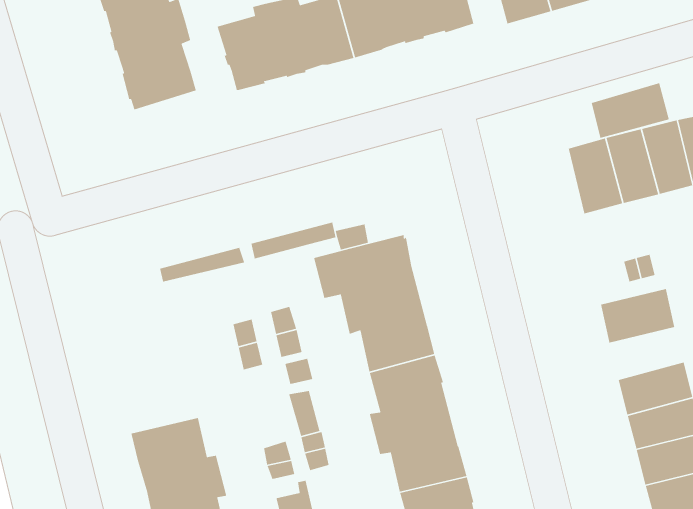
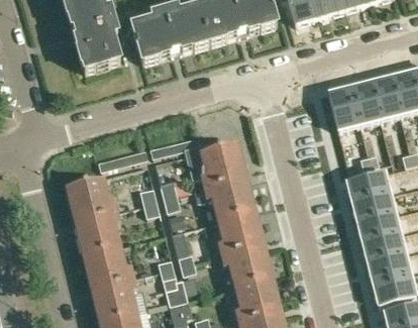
building: [591,82,670,139] -> none
building: none -> [66,174,120,251]
building: none -> [351,192,394,221]

